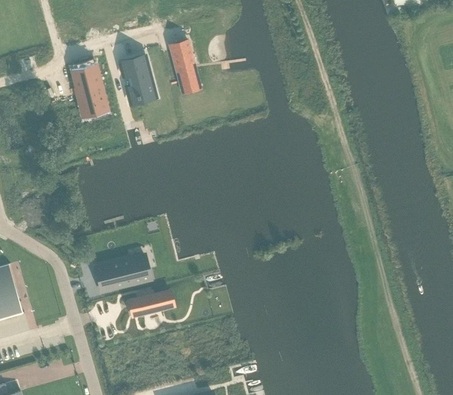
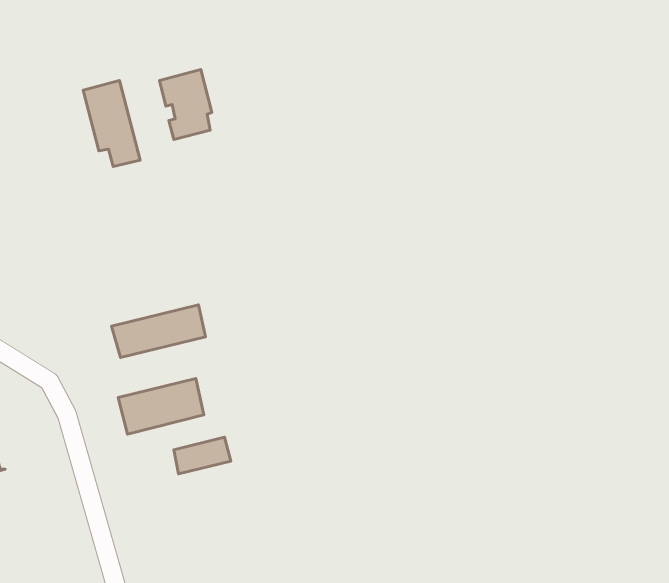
building: [173,39,196,89] -> none
building: none -> [112,305,206,357]

